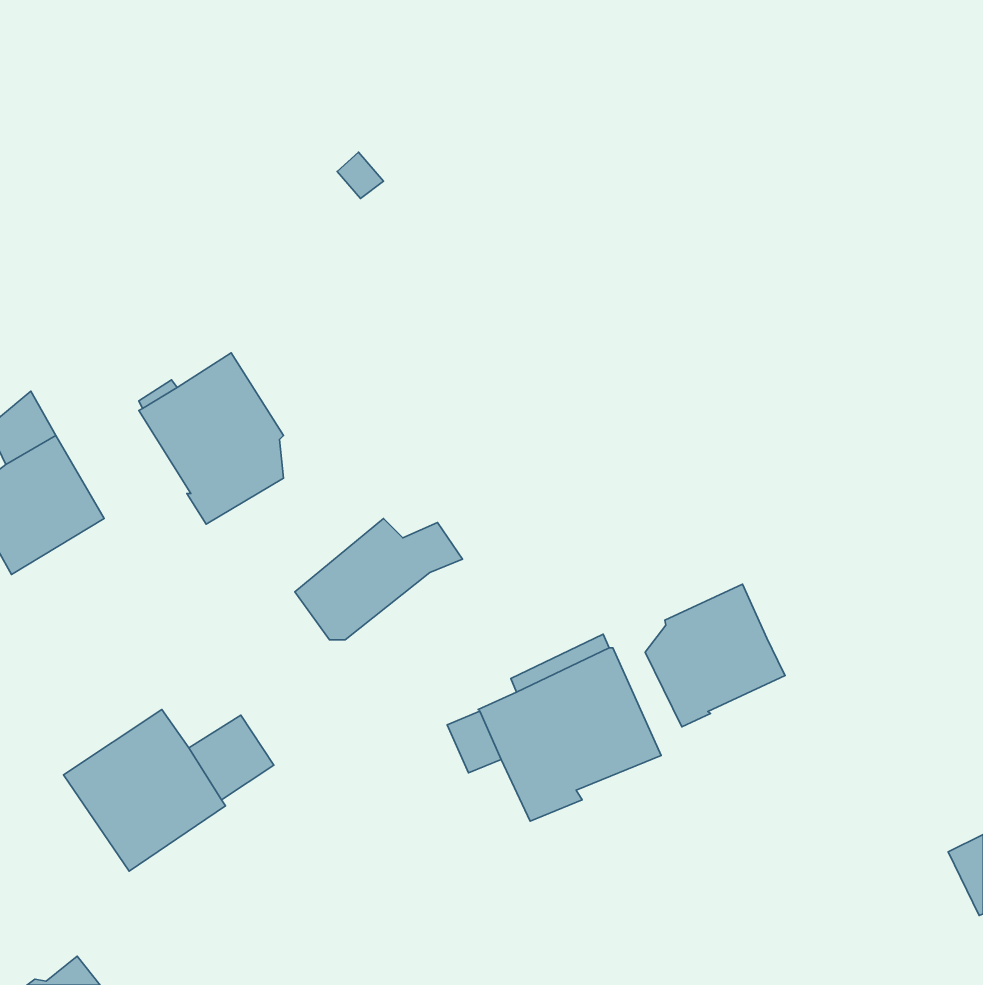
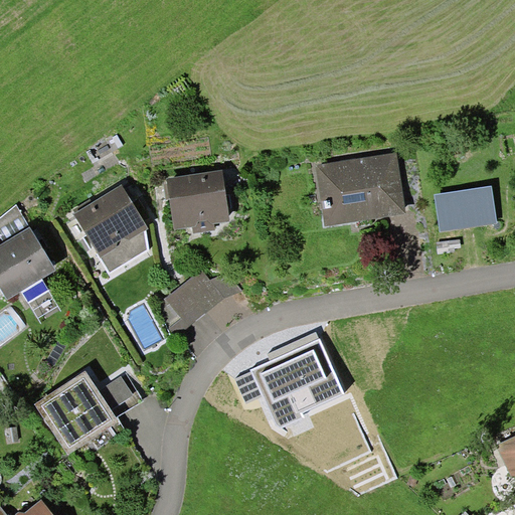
building: none -> [315,153,405,226]
building: none -> [166,169,228,234]
building: none -> [434,185,497,232]
building: [645,584,785,727] -> none

